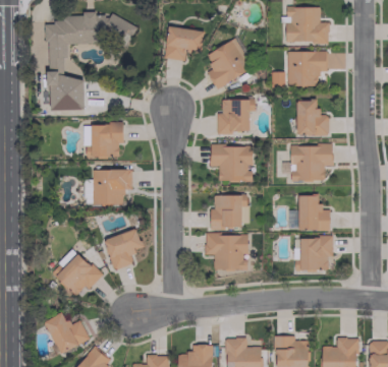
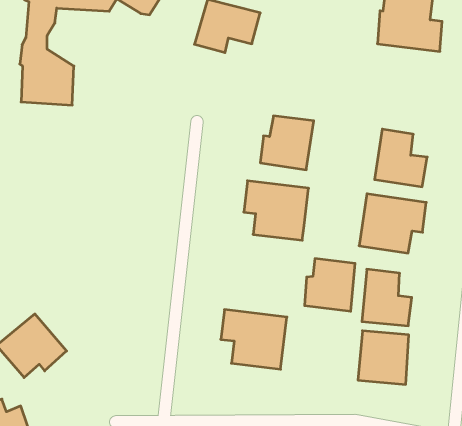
building: [206,39,254,88] -> none
building: [286,51,327,86] -> none
building: [86,123,123,157] -> none
building: [93,170,131,204] -> none
building: [210,195,242,228] -> [305,259,355,311]
building: [104,230,143,269] -> none

